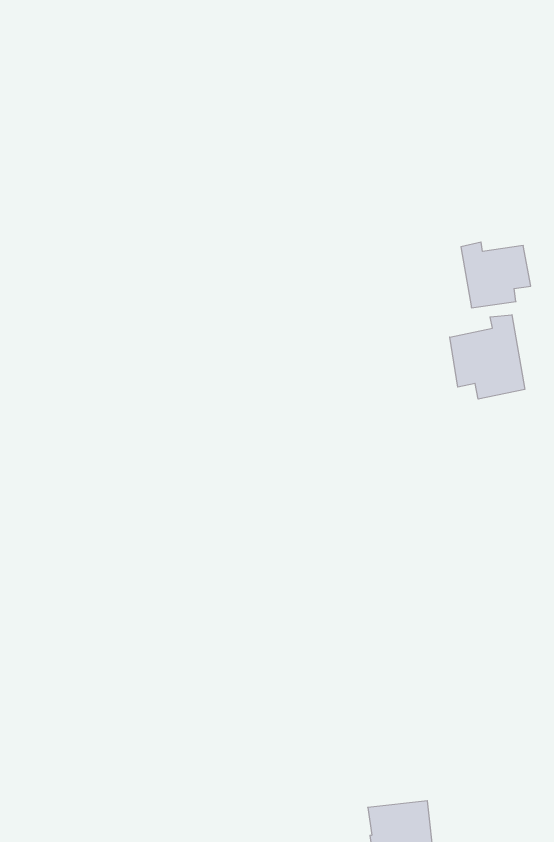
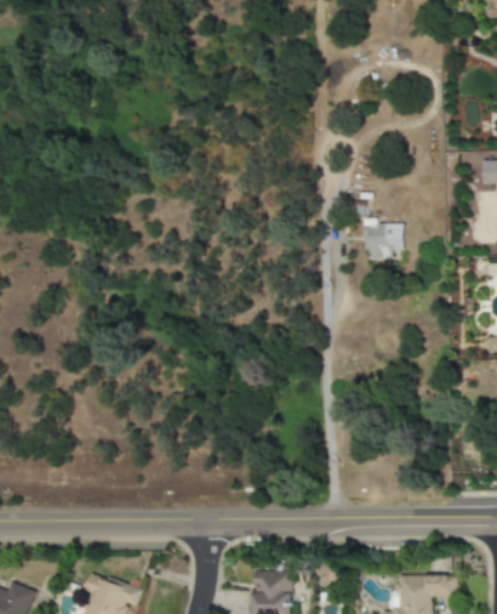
building: [450,315,525,399] -> none

